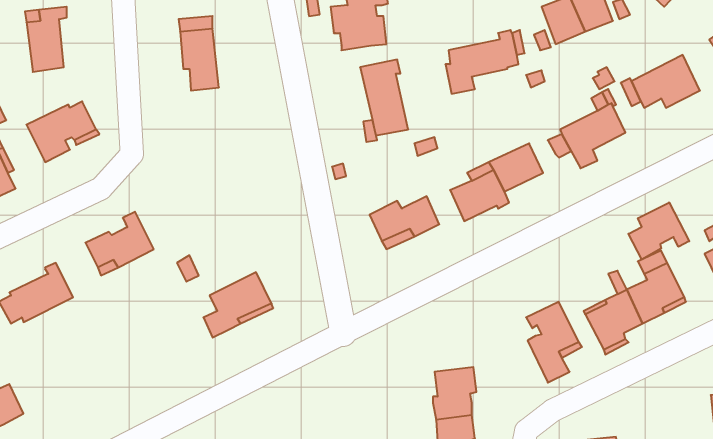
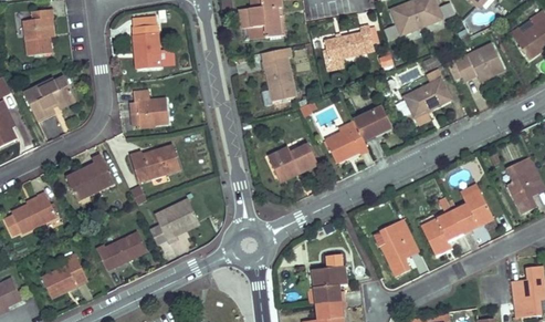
building: none -> [133,90,168,125]
building: none -> [129,145,179,181]
building: [628,202,689,260] -> none
building: none -> [96,231,146,271]
building: none -> [41,253,87,298]

